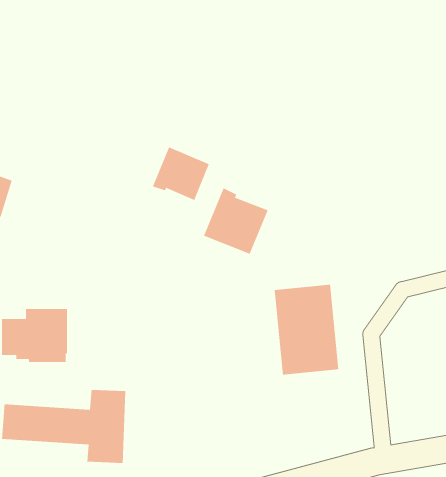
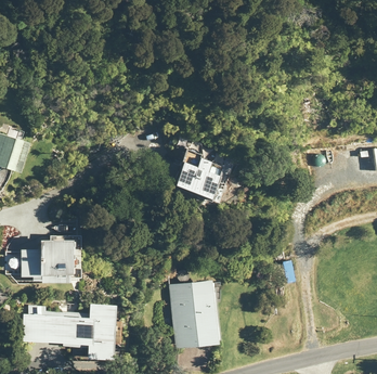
building: [152,146,209,201] -> none
building: [274,284,339,375] -> [168,279,218,348]

